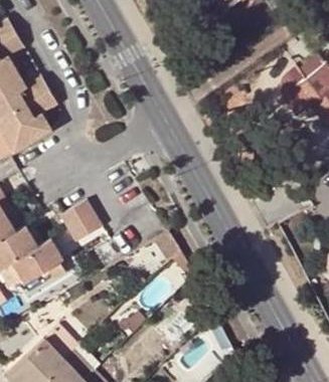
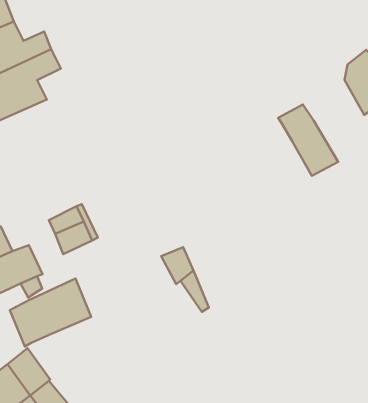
building: none -> [278,104,338,176]
building: none -> [10,278,91,346]

